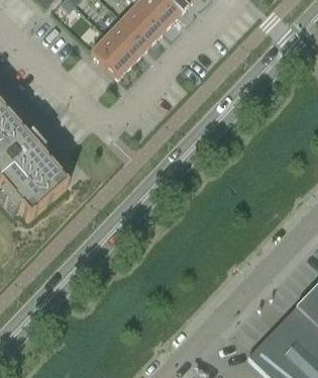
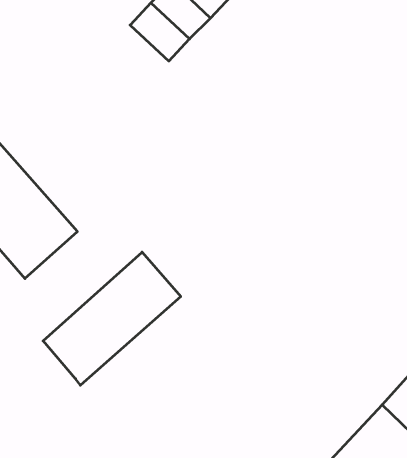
building: [92,34,135,77] -> none
building: none -> [43,252,181,385]

